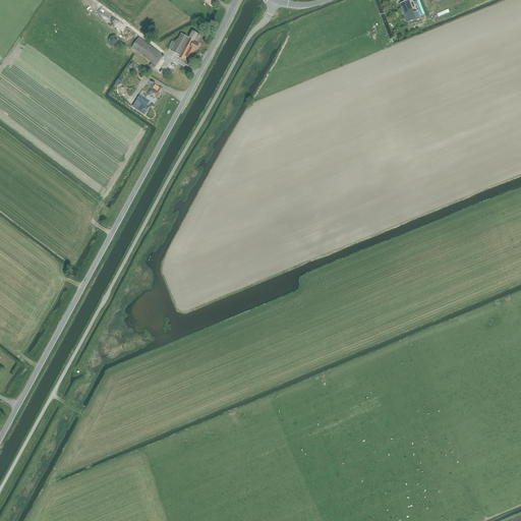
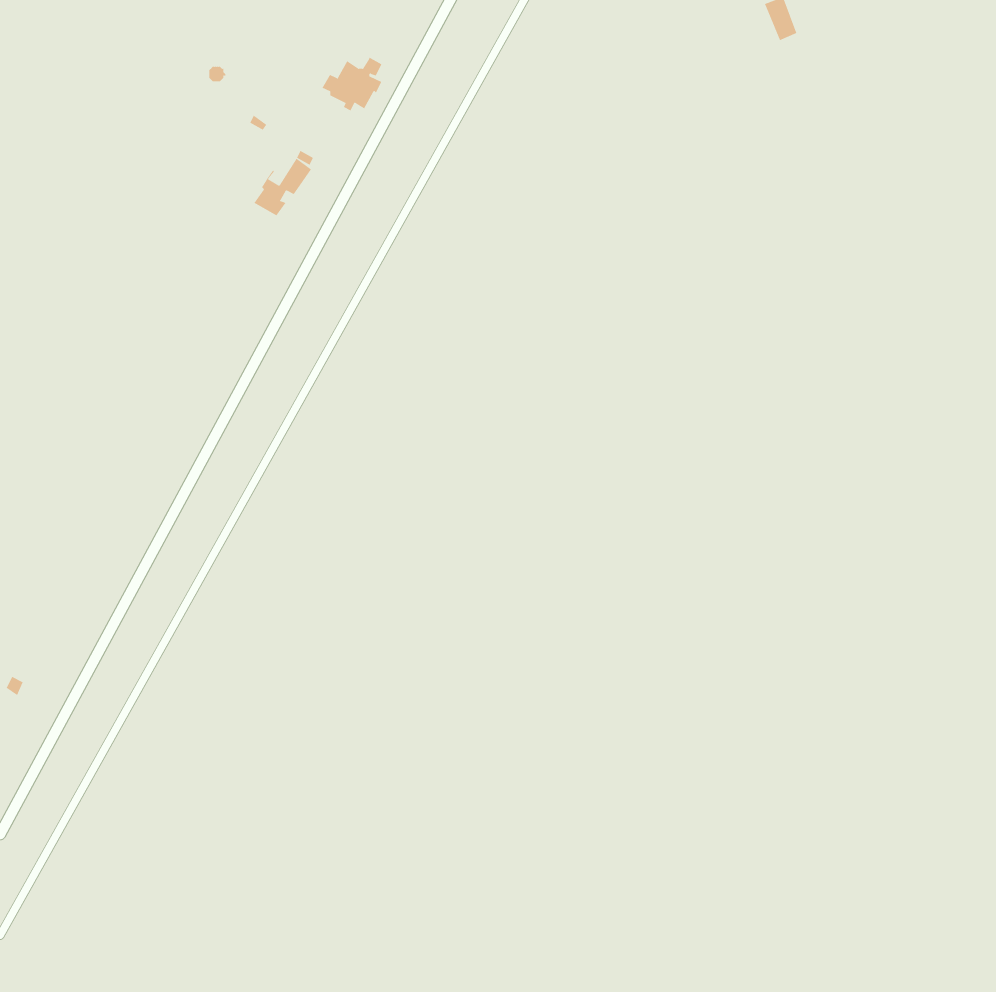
building: [132,37,164,67] -> none

